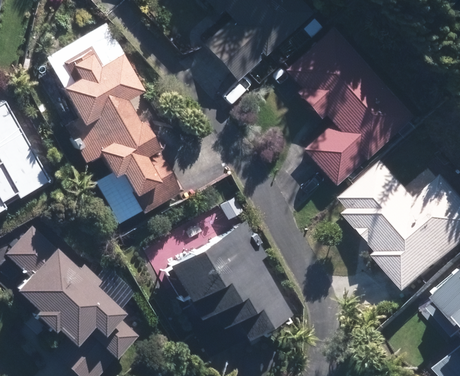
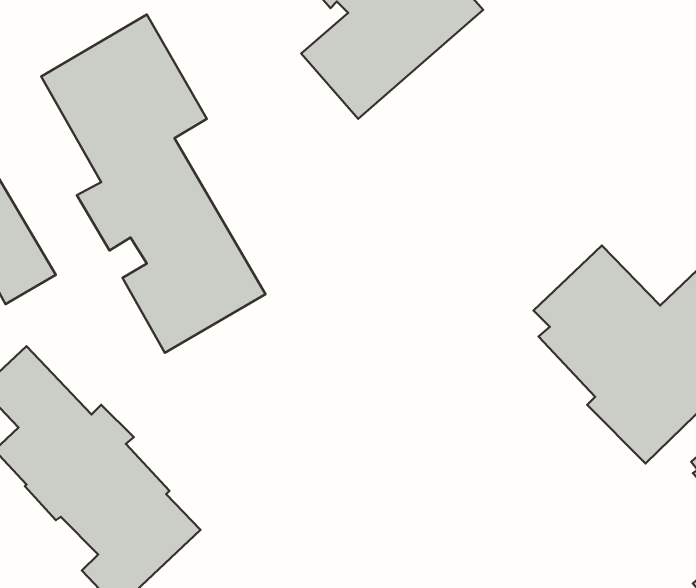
building: [284,24,414,186] -> none
building: [163,217,286,334] -> none

